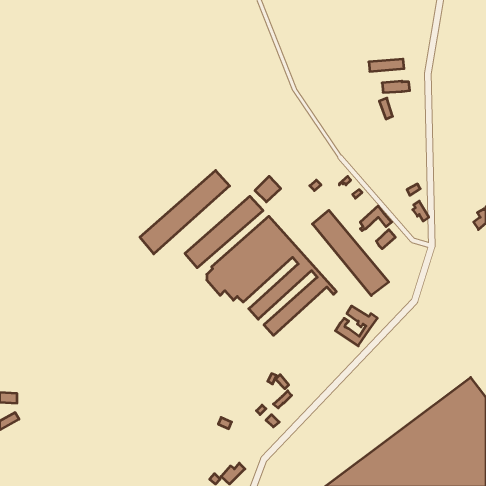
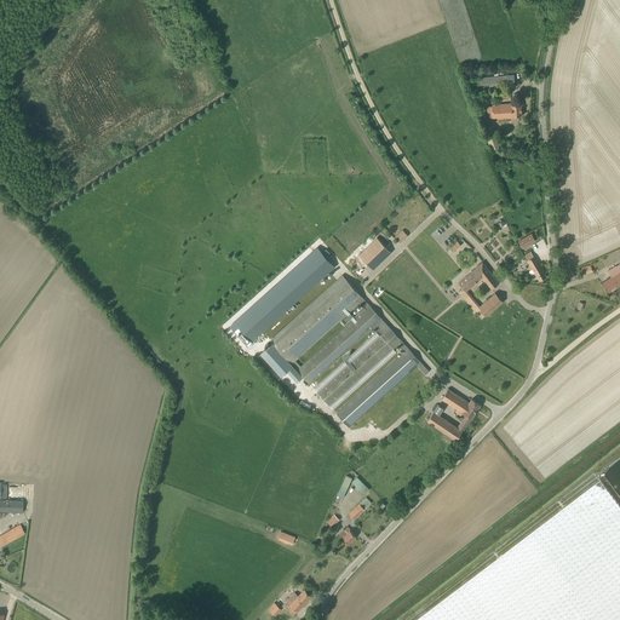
building: [140,170,230,254] -> none
building: [255,176,281,202] -> [358,237,391,270]
building: [312,210,389,296] -> none

